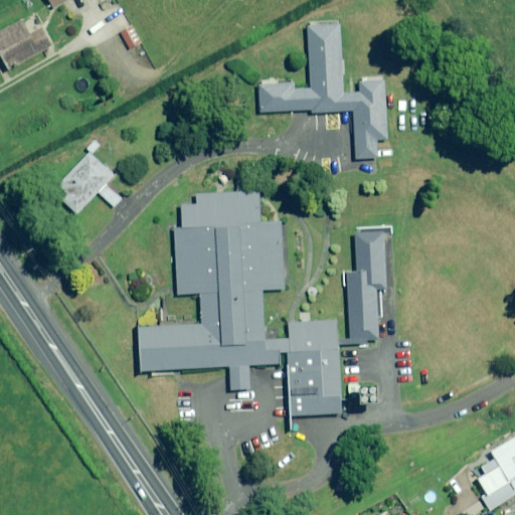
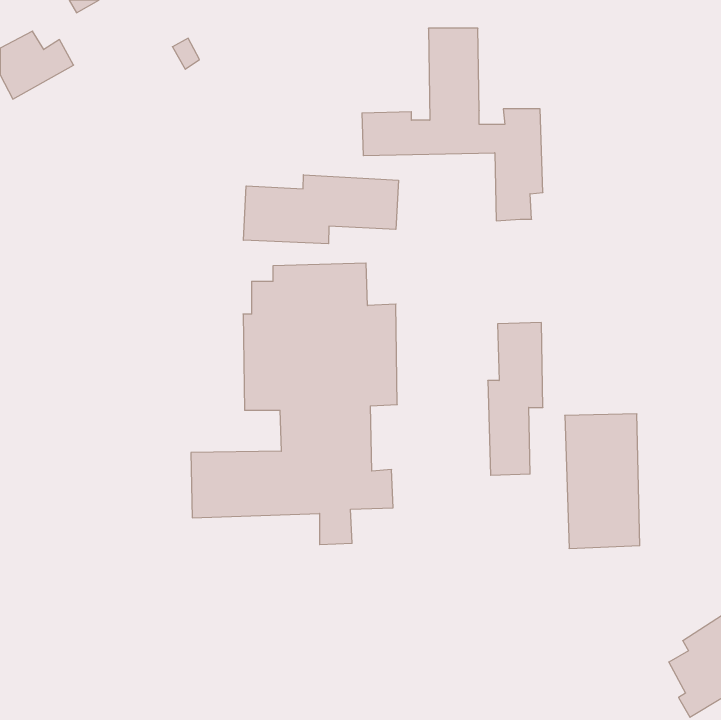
building: none -> [243,175,398,244]
building: [53,149,117,214] -> none
building: [287,319,340,414] -> [565,414,640,548]

